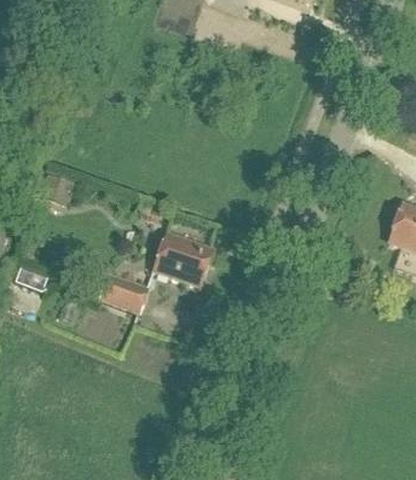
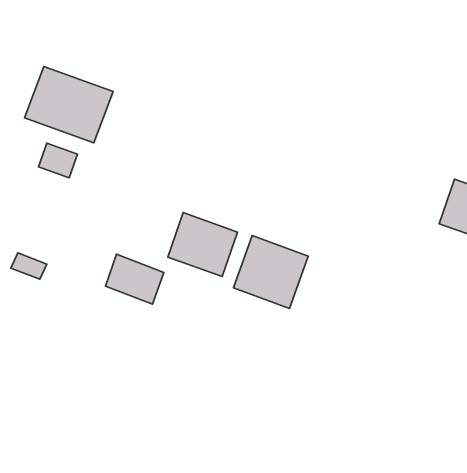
building: none -> [24,66,113,143]
building: none -> [233,235,308,309]

